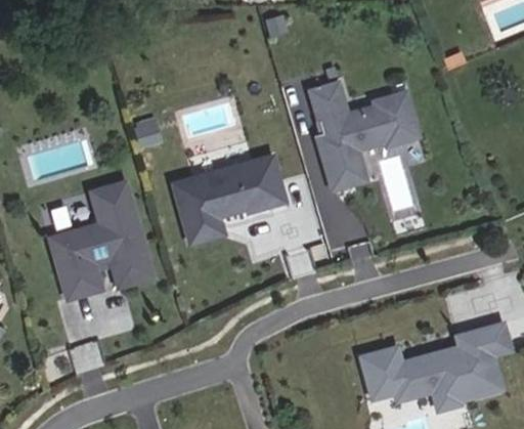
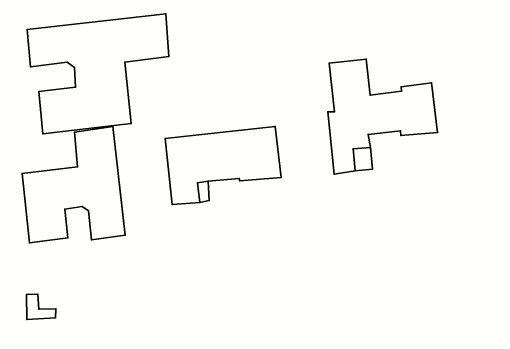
building: none -> [27,14,169,134]

